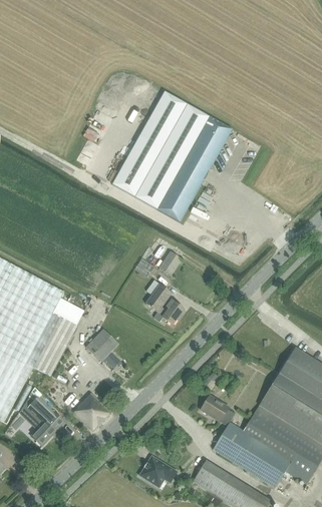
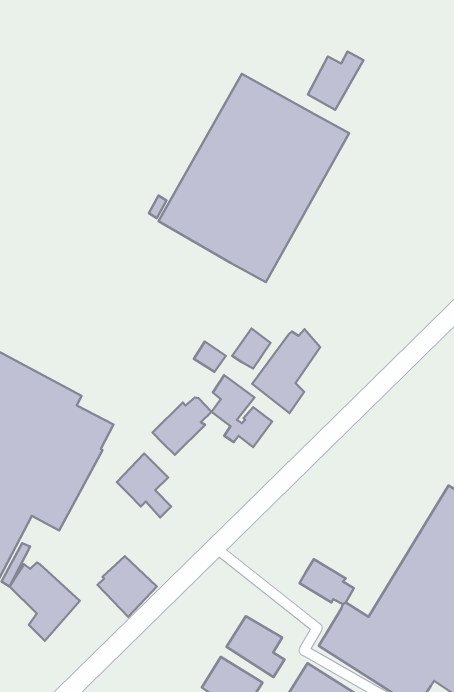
building: none -> [308,52,363,110]
building: none -> [252,329,320,413]
building: none -> [153,397,211,455]
building: none -> [226,616,285,677]

